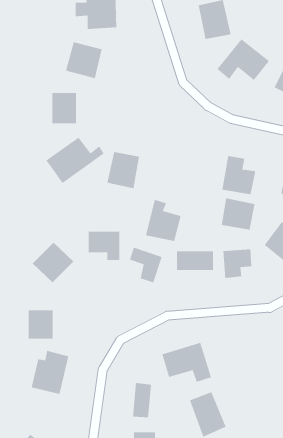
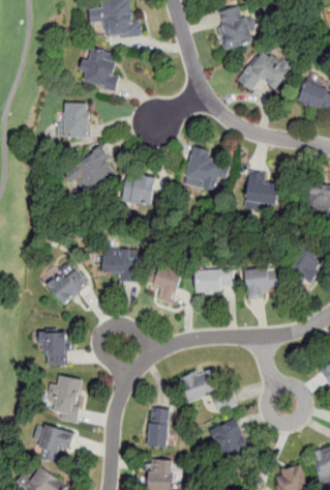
building: [221,198,255,230] -> none
building: [145,199,182,241] -> [184,144,222,189]
building: none -> [39,424,71,462]

